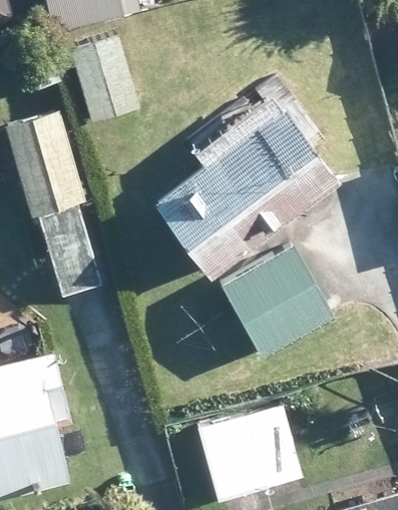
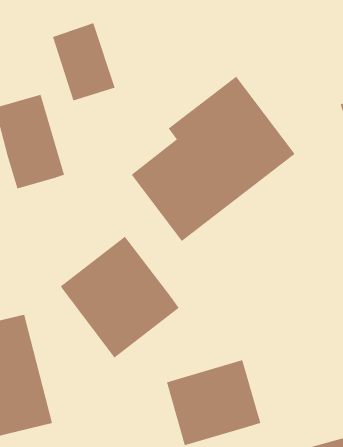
building: [225,244,337,357] -> none
building: none -> [60,236,180,359]

